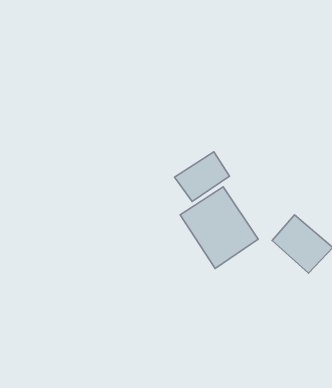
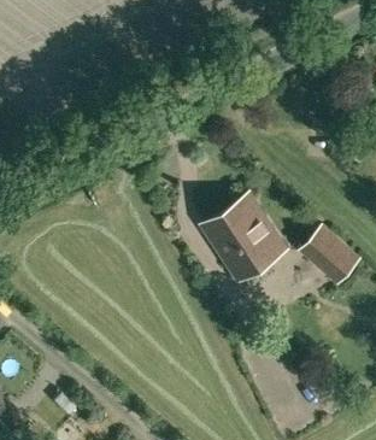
building: [174,152,229,201] -> none

